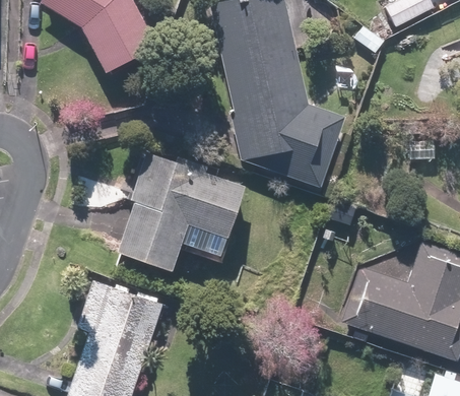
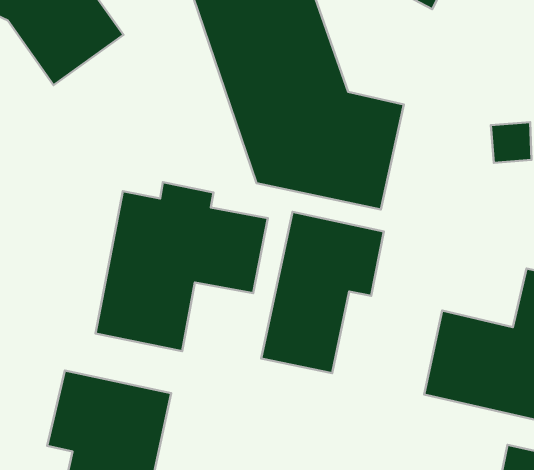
building: none -> [261,212,384,373]

